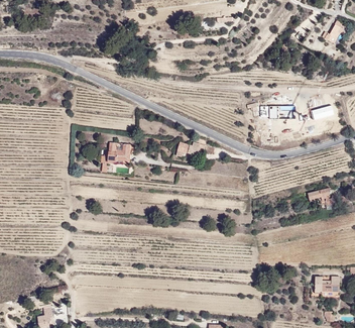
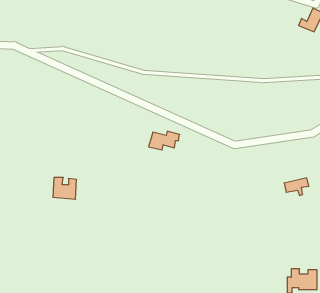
building: [107,140,130,161] -> [53,178,77,199]

